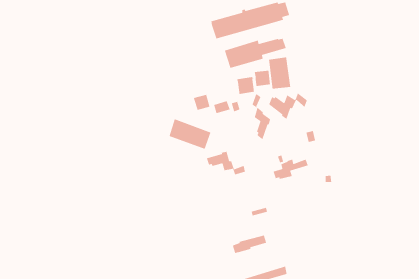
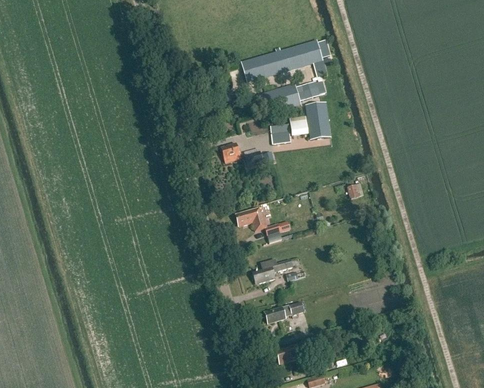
building: [268,92,308,120] -> none
building: [251,93,271,141] -> none
building: [168,118,212,150] -> none
building: [273,159,309,180] -> [253,258,294,282]

